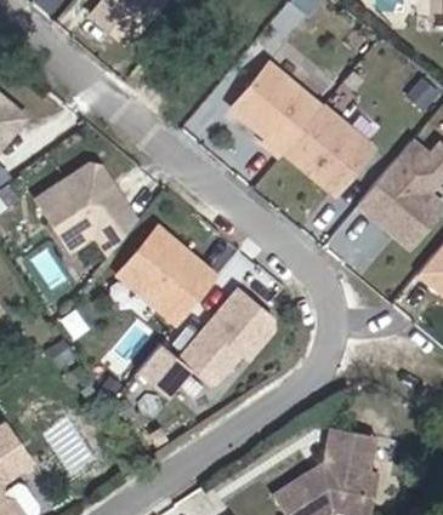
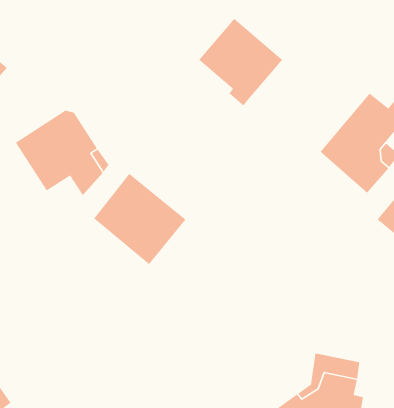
building: [278,107,368,194] -> none
building: [138,286,271,391] -> none

